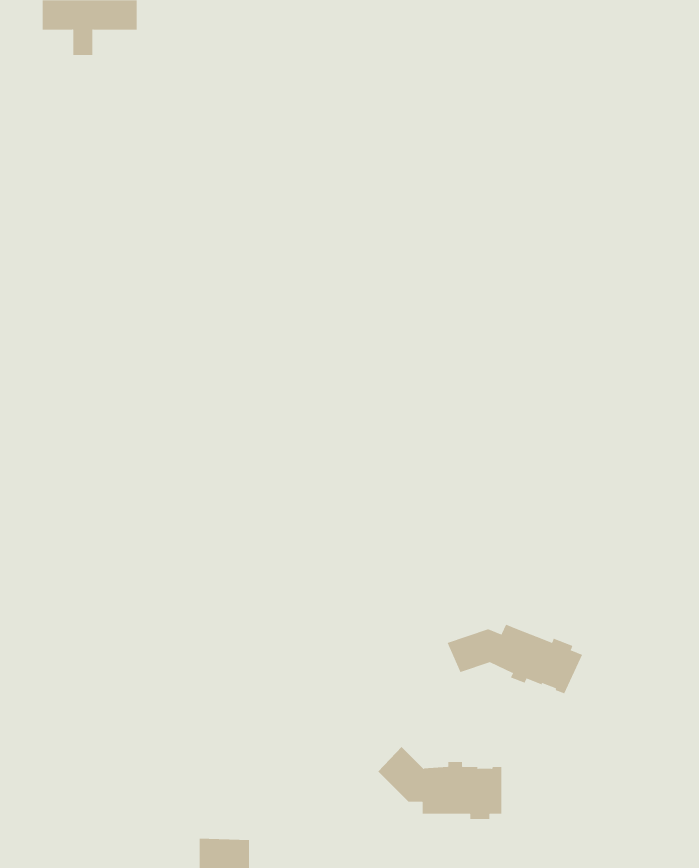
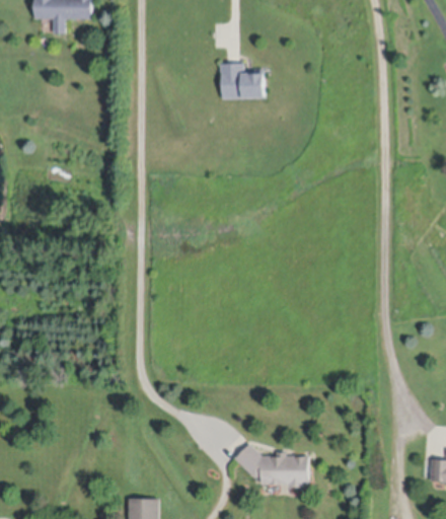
building: none -> [219,63,264,98]
building: [447,624,583,694] -> none

